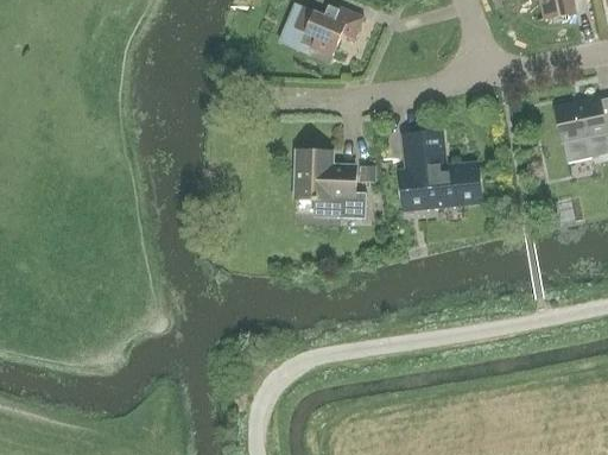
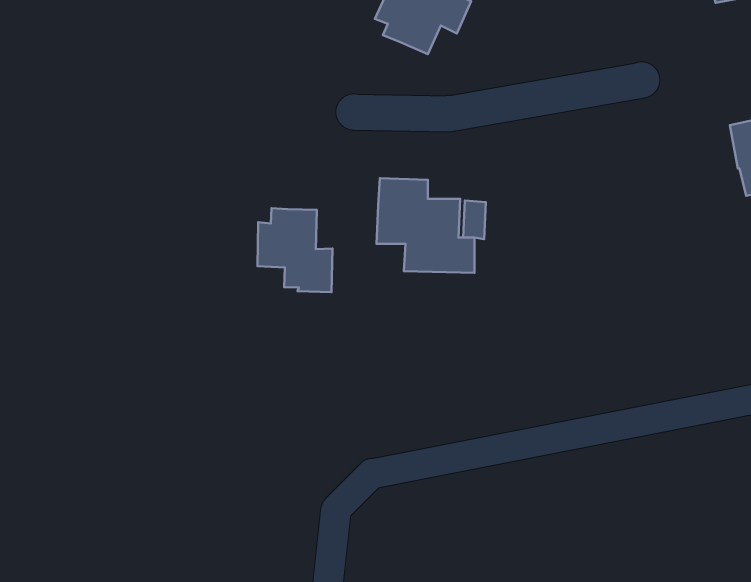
building: [404,134,479,209] -> none
building: none -> [257,208,333,292]

